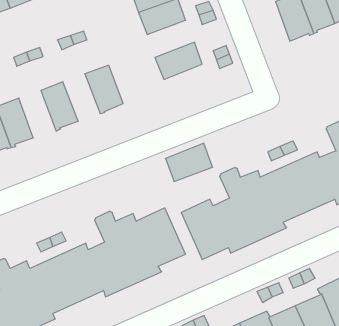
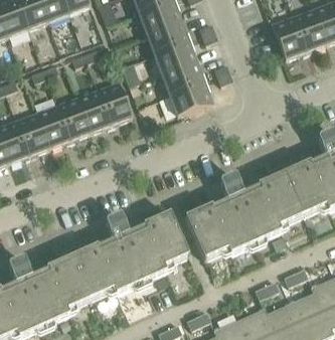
building: none -> [154,41,197,75]
building: none -> [76,91,111,134]
building: none -> [36,106,70,149]
building: [165,143,213,182] -> [169,81,212,117]

